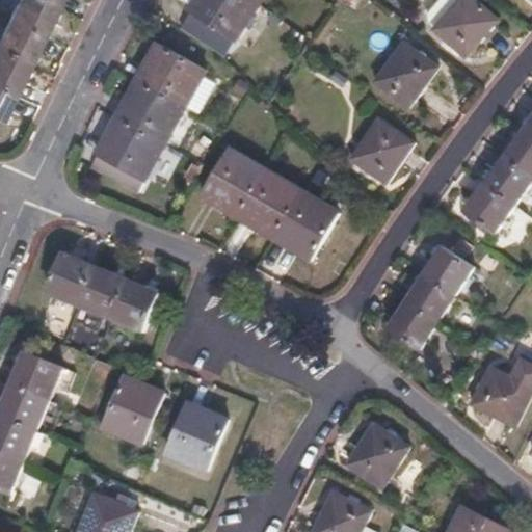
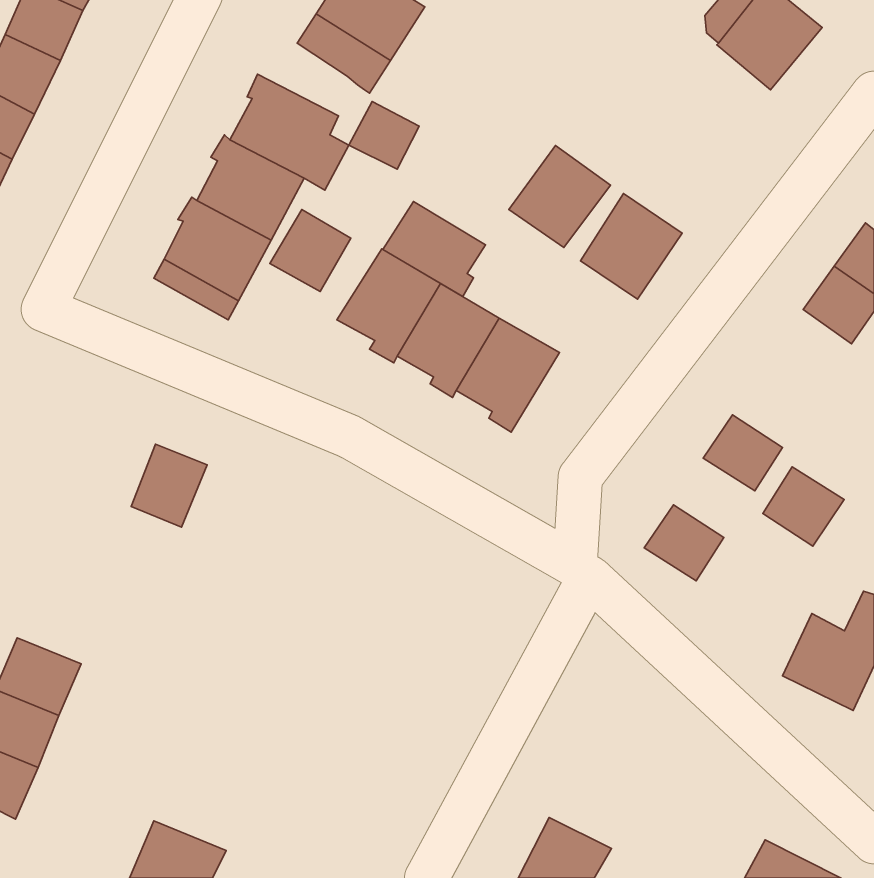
building: [373,41,434,102] -> [509,145,611,247]
building: none -> [349,101,419,169]
building: none -> [383,201,486,297]
building: none -> [270,209,351,291]
building: [464,186,512,233] -> none
building: [47,255,94,304] -> none
building: [405,275,454,323] -> [763,467,844,546]
building: [109,280,156,329] -> none
building: [10,351,61,399] -> none
building: [102,375,160,443] -> none
building: [165,405,225,469] -> none
building: [344,424,405,486] -> none

